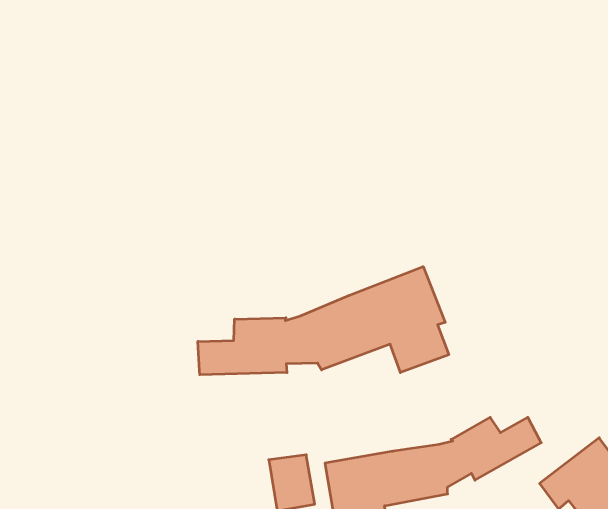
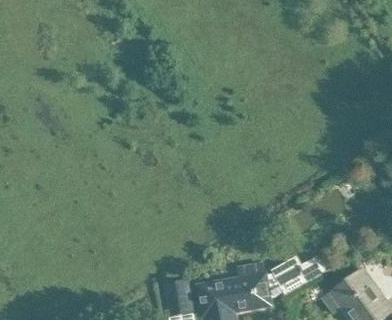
building: [198,267,449,375] -> none

